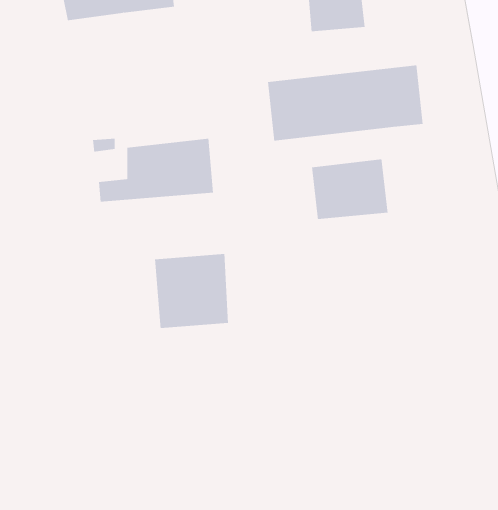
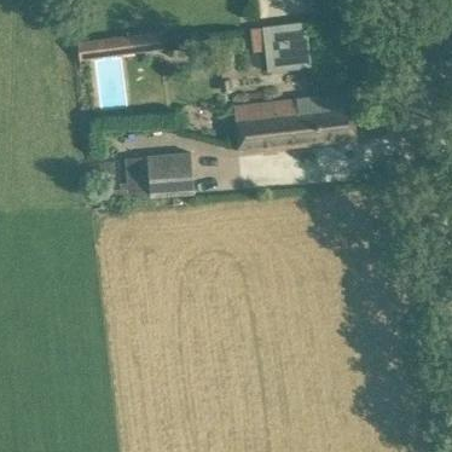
building: [311,159,388,220] -> none
building: [154,253,229,329] -> none

